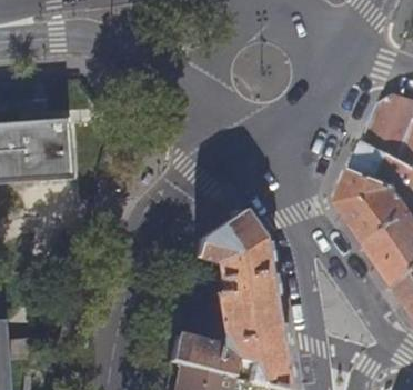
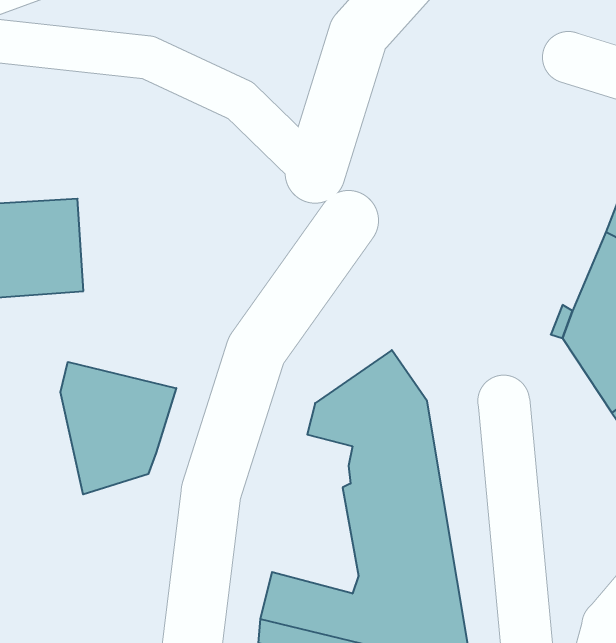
building: none -> [60,362,176,494]

